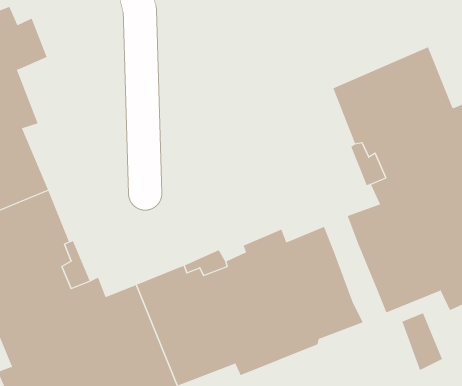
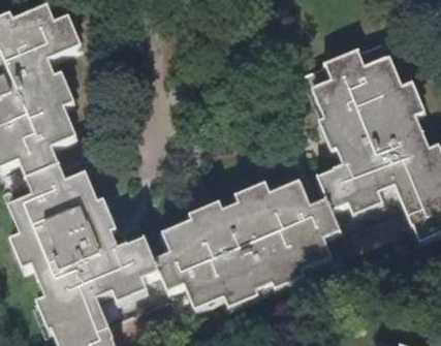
building: [401,312,443,371] -> [308,196,341,243]

